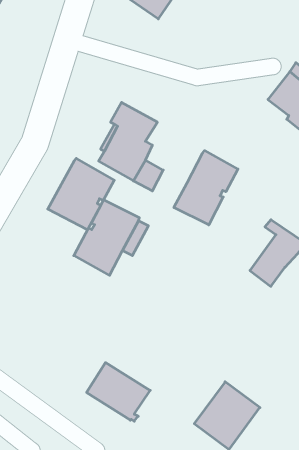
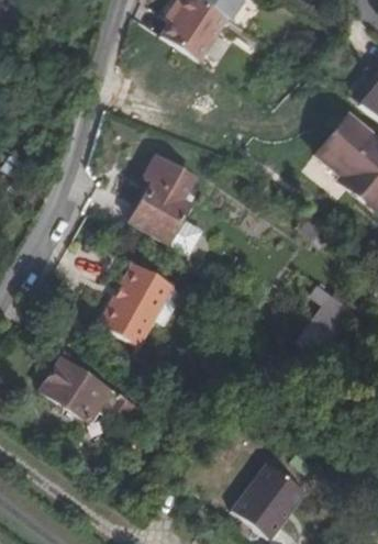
building: [174,151,238,225] -> none
building: [48,158,114,230] -> none
building: [87,363,150,421] -> [38,355,109,420]

